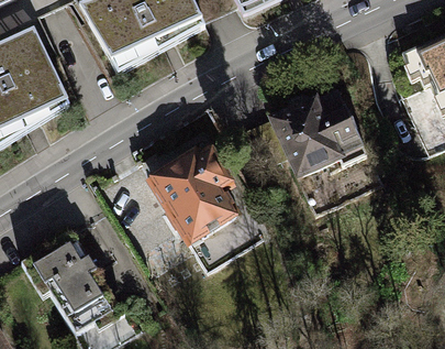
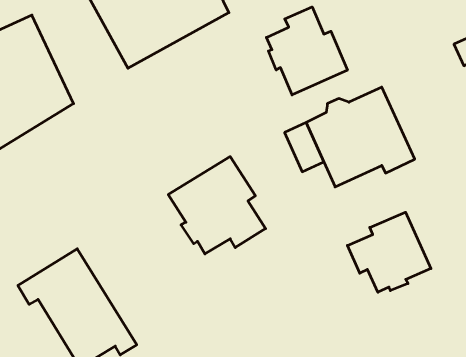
building: none -> [266,7,347,95]
building: none -> [347,212,431,292]

